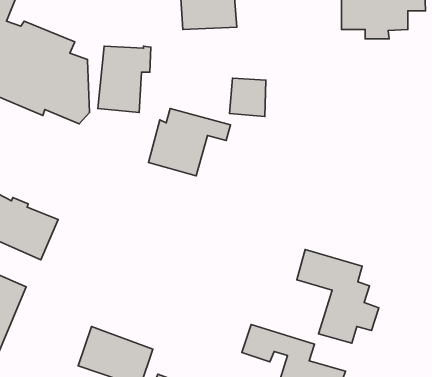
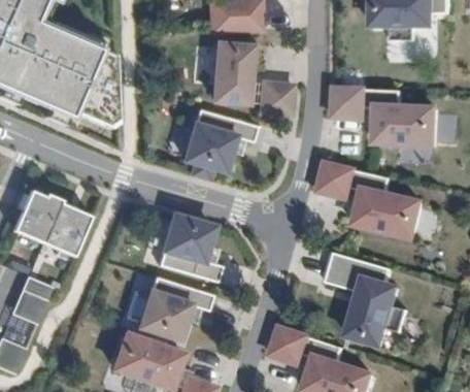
building: [98,46,151,113] -> [205,44,258,110]
building: none -> [333,88,436,143]
building: none -> [316,162,418,235]
building: none -> [156,209,225,284]
building: none -> [132,276,214,341]

